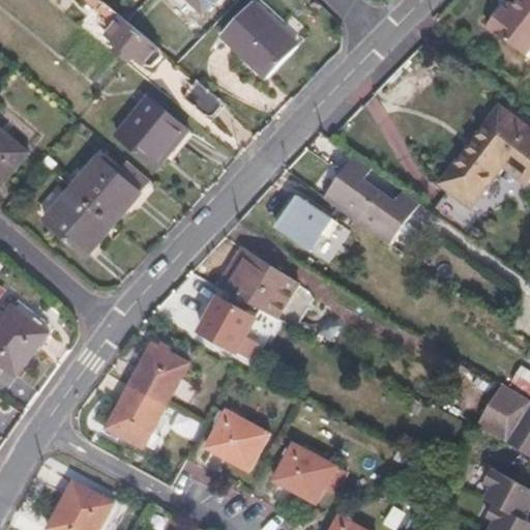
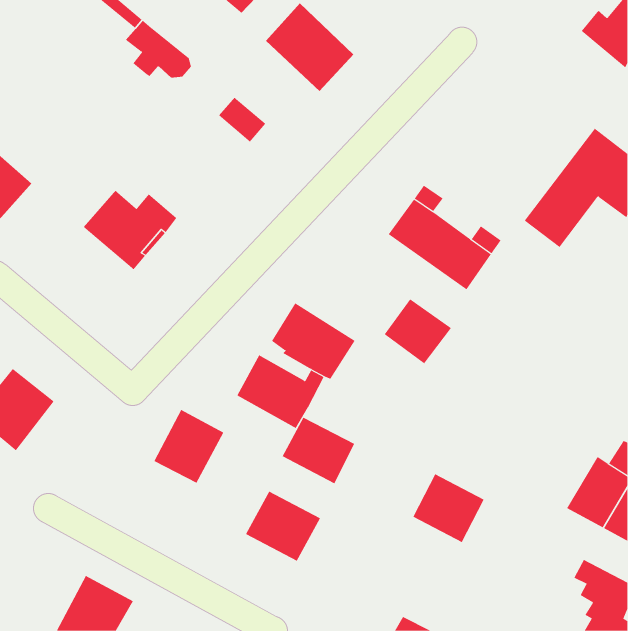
building: [115,96,187,168] -> none
building: [42,189,112,253] -> none
building: [275,196,332,251] -> [384,298,452,364]
building: none -> [282,417,355,484]
building: [106,385,165,446] -> none
building: [273,443,333,501] -> [413,474,485,543]

